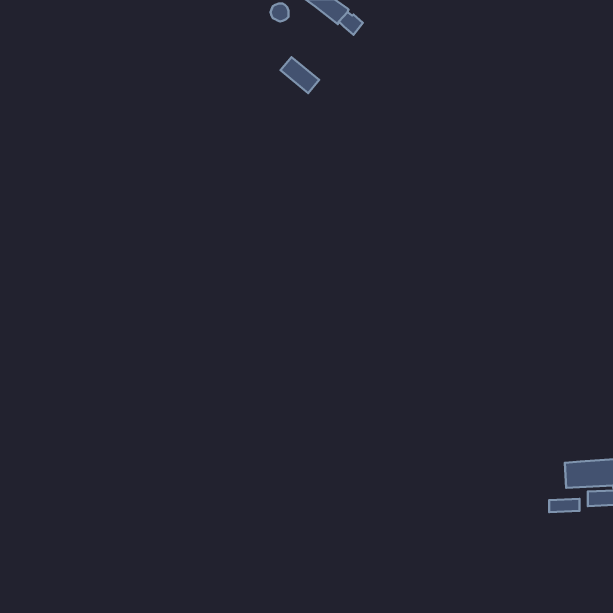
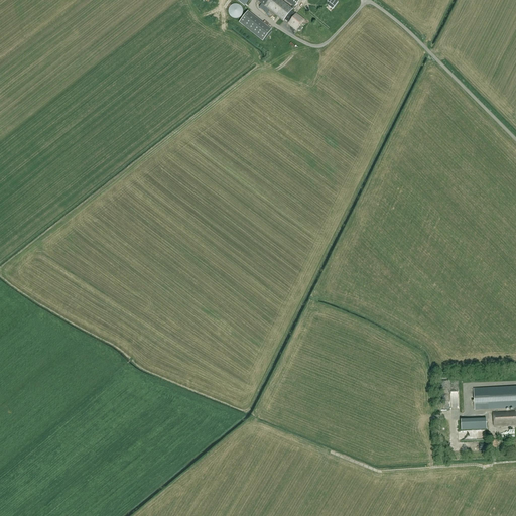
building: [281,57,319,93] -> [240,10,272,40]

